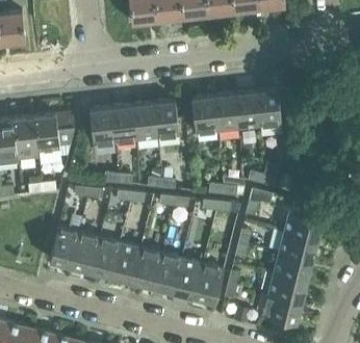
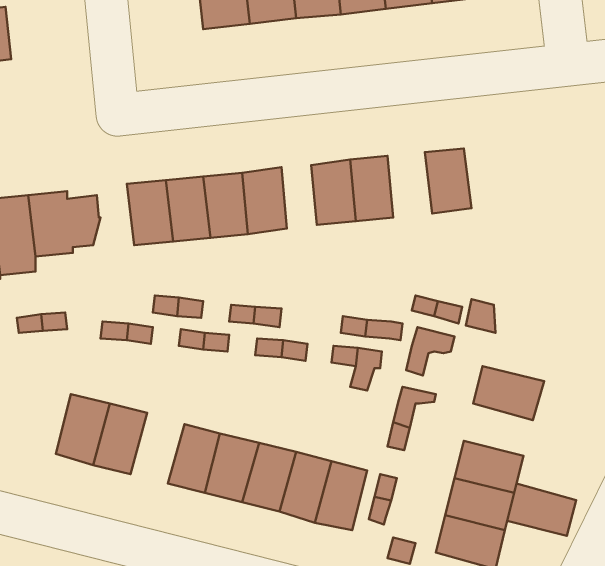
building: [235,93,260,129] -> none
building: [278,233,316,262] -> [507,484,576,536]
building: [92,238,122,278] -> none

